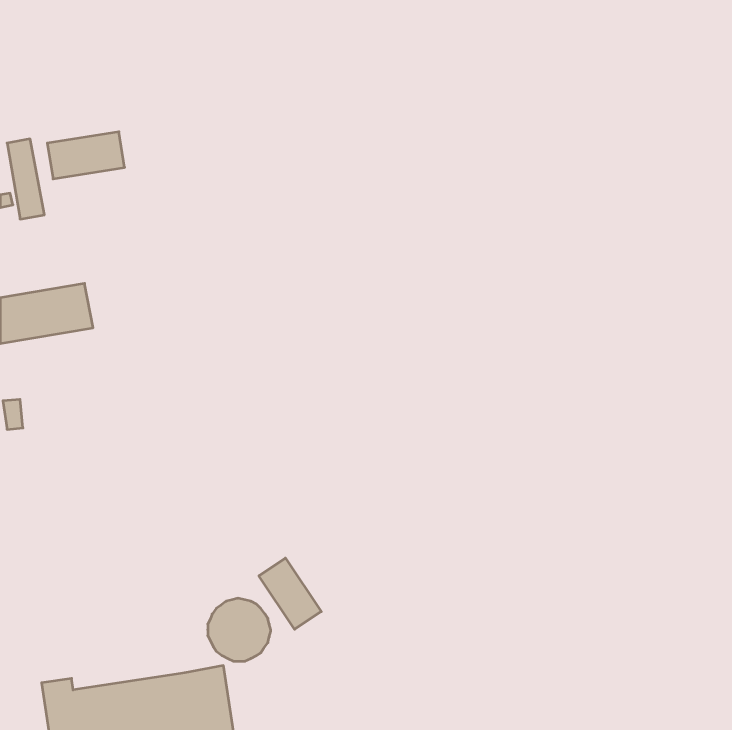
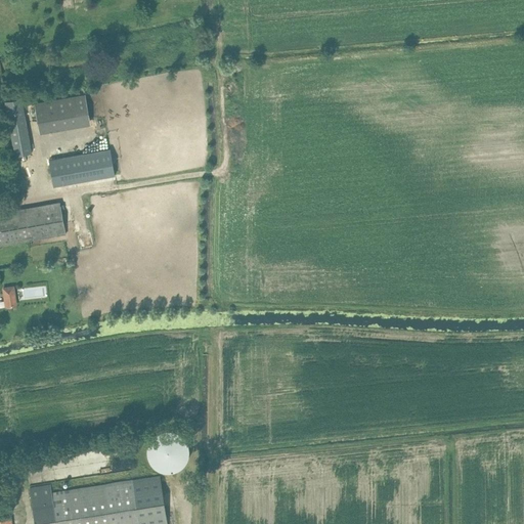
building: none -> [48,149,114,187]
building: [259,558,321,629] -> none

